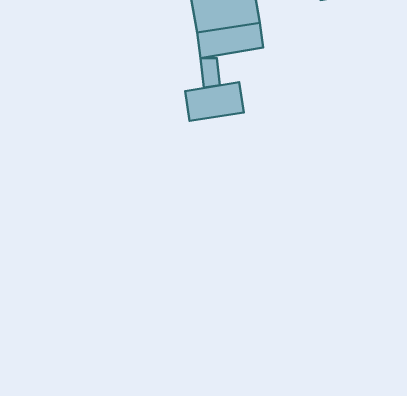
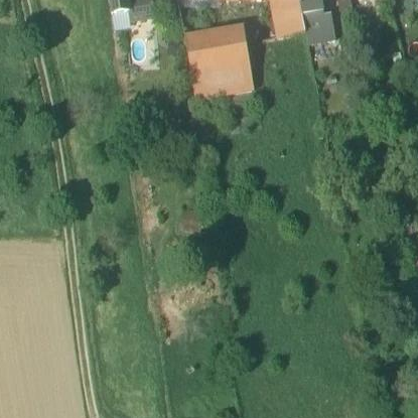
building: [185,82,244,121] -> none

